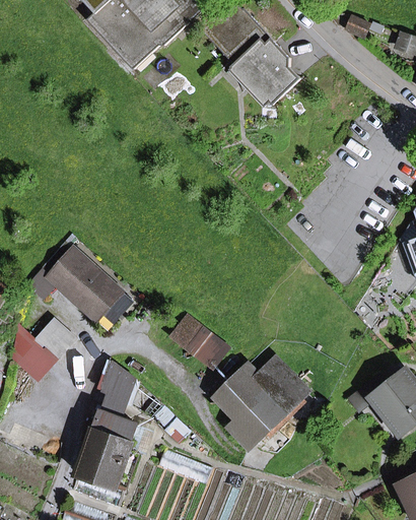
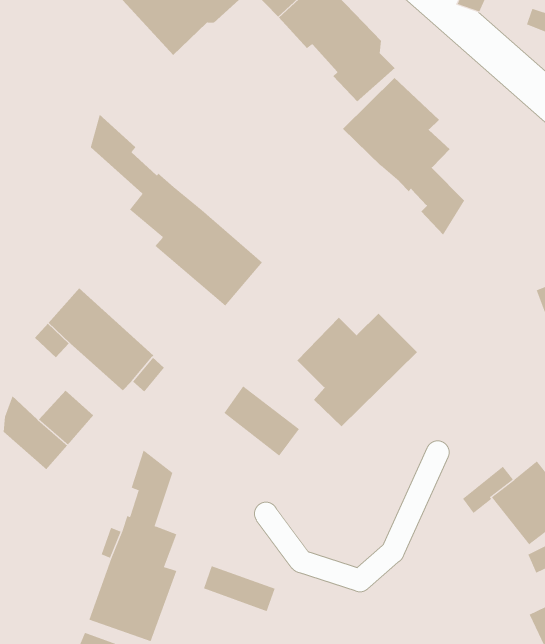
building: none -> [342,77,465,235]
building: none -> [90,114,263,307]
building: [215,361,305,446] -> [297,313,418,427]

